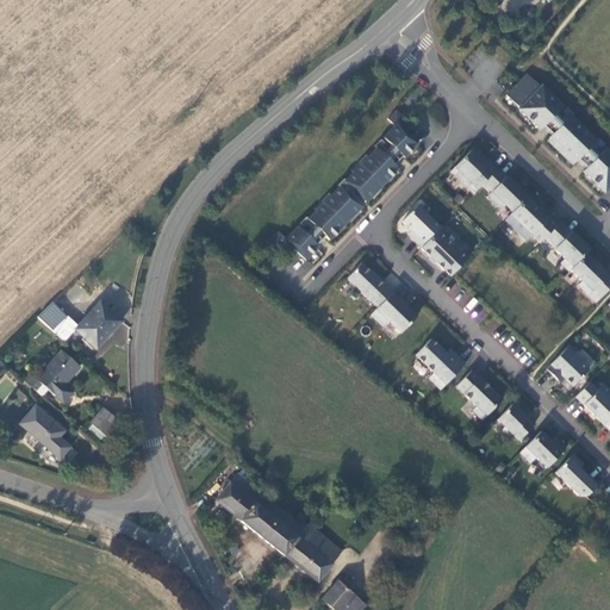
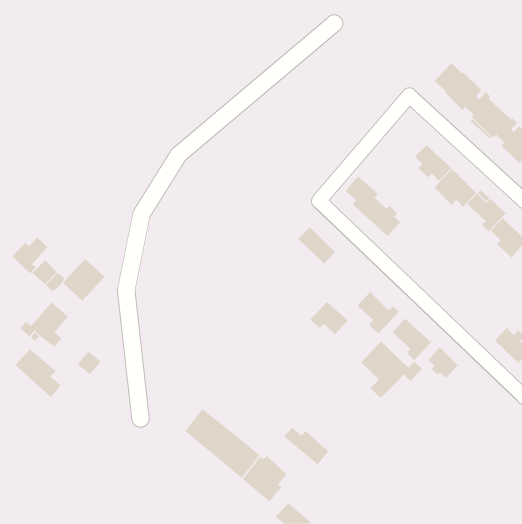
building: [272,110,417,260] -> none
building: [450,145,498,193] -> none
building: none -> [11,237,48,274]
building: [372,293,417,332] -> [309,301,348,335]
building: [548,342,590,385] -> none
building: none -> [360,341,423,398]
building: [522,430,567,466] -> none
building: [556,453,598,498] -> none
building: none -> [283,427,329,466]

